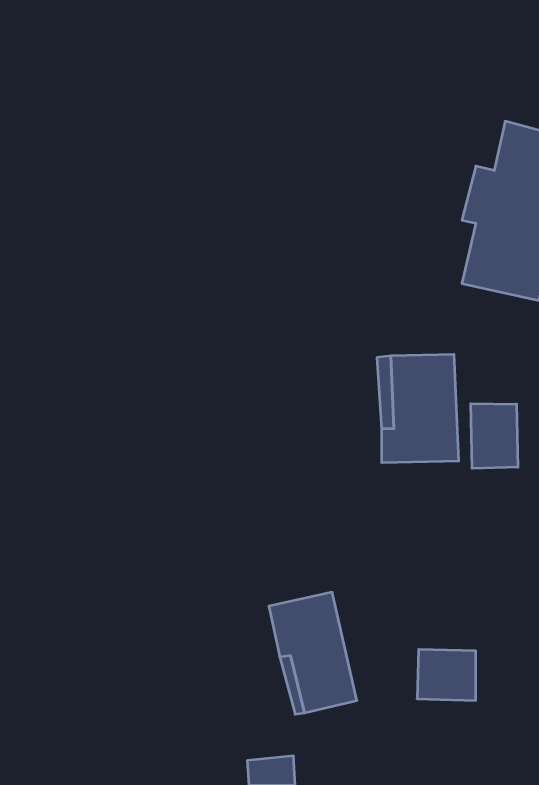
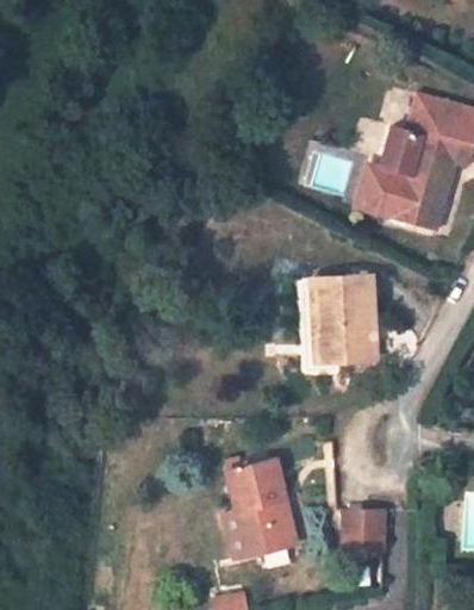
building: none -> [351,169,387,222]
building: [471,404,518,468] -> none

